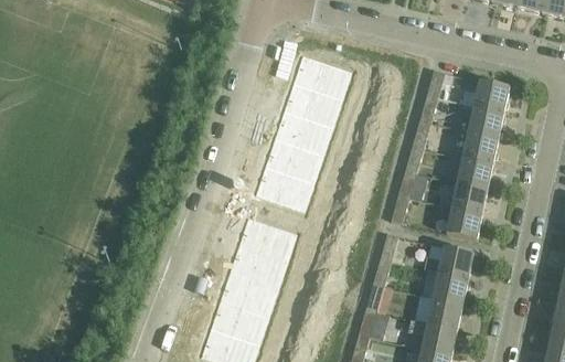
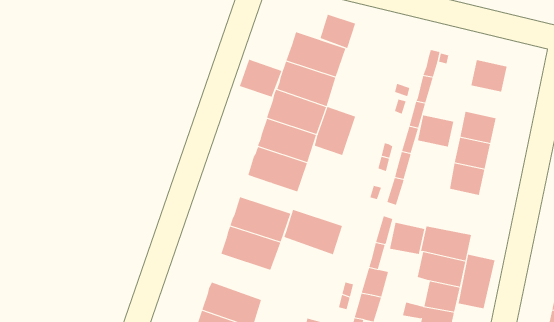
building: none -> [320,14,356,49]
building: none -> [239,59,282,98]
building: [468,106,504,138] -> [417,115,454,147]
building: none -> [314,106,356,156]
building: [447,207,482,239] -> [389,222,425,255]
building: [218,272,277,317] -> [284,209,343,255]
building: none -> [457,254,495,309]

